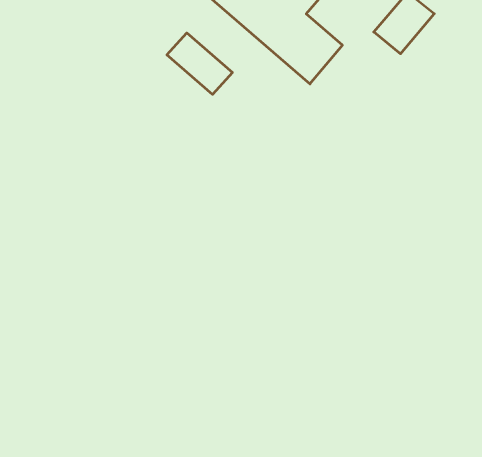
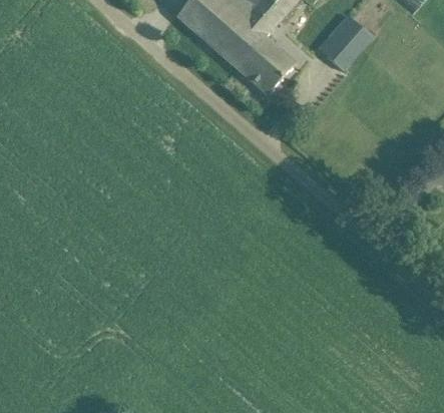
building: [167,33,232,94] -> none

